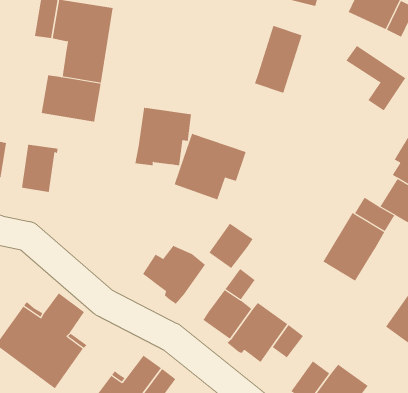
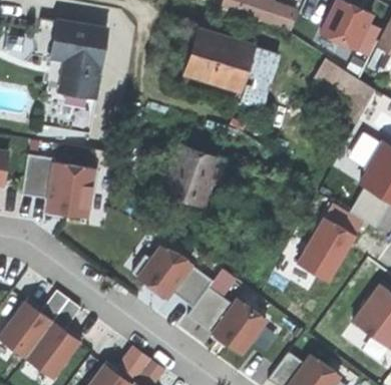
building: none -> [190,31,252,90]
building: [135,106,192,166] -> [45,162,97,217]
building: [208,223,254,269] -> [171,265,213,307]

